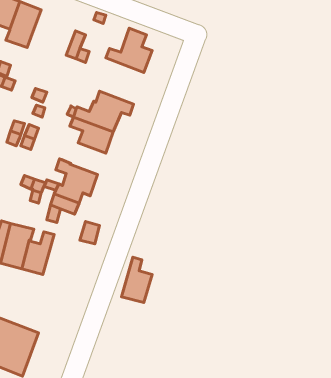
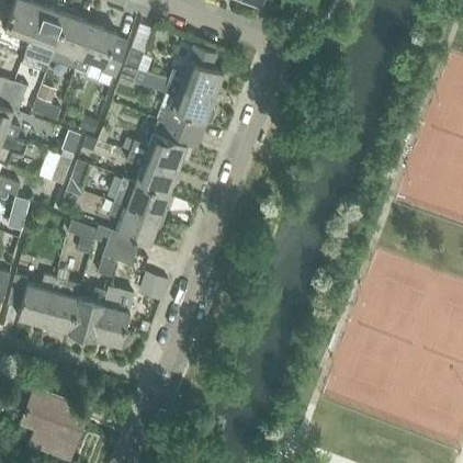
building: none -> [75,24,125,76]
building: none -> [160,81,215,136]
building: none -> [115,178,168,219]
building: [122,257,152,302] -> [93,291,129,345]

